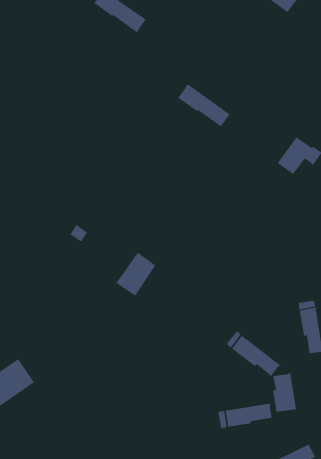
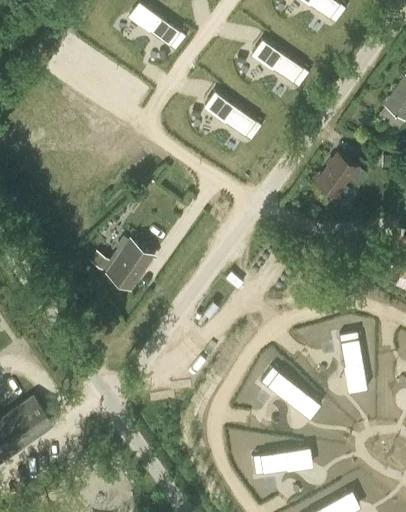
building: none -> [245,34,304,82]
building: [115,252,158,297] -> [108,241,155,290]
building: [273,372,297,413] -> none

